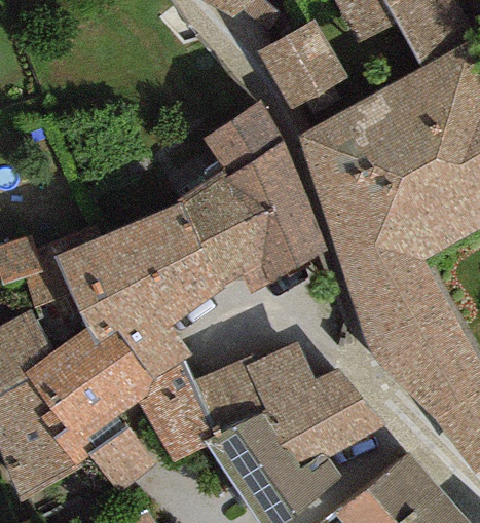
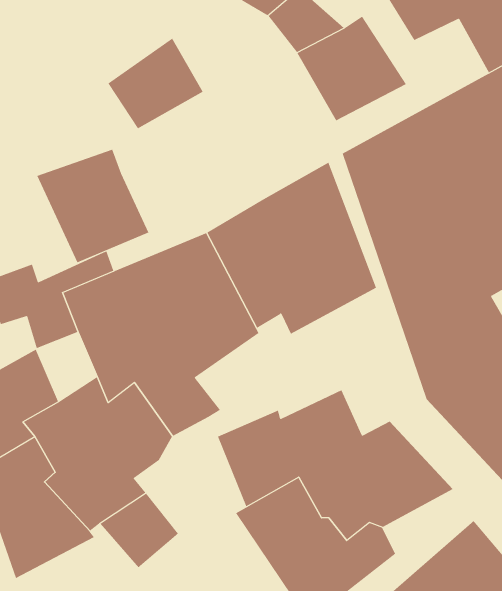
building: [202,98,285,176] -> [108,38,204,129]
building: none -> [37,149,149,263]
building: [140,363,214,461] -> none

